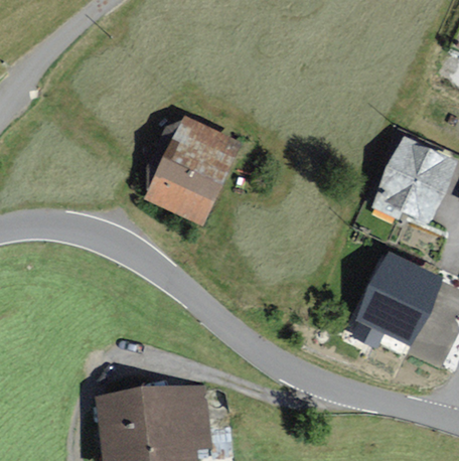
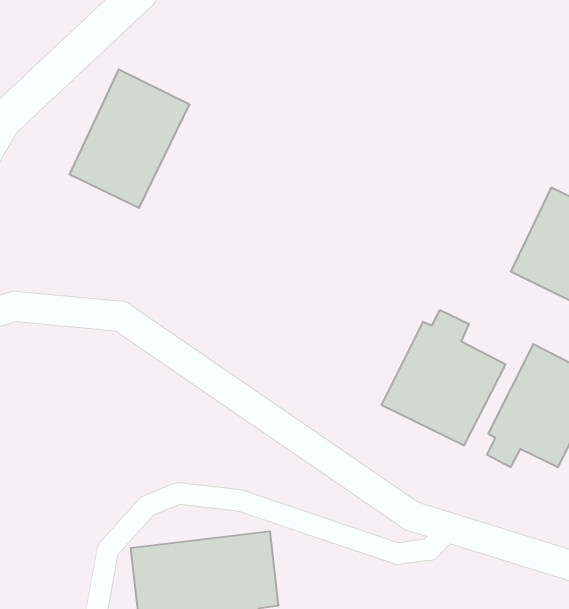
building: [150,118,237,217] -> [69,69,190,208]
building: none -> [381,310,506,446]

